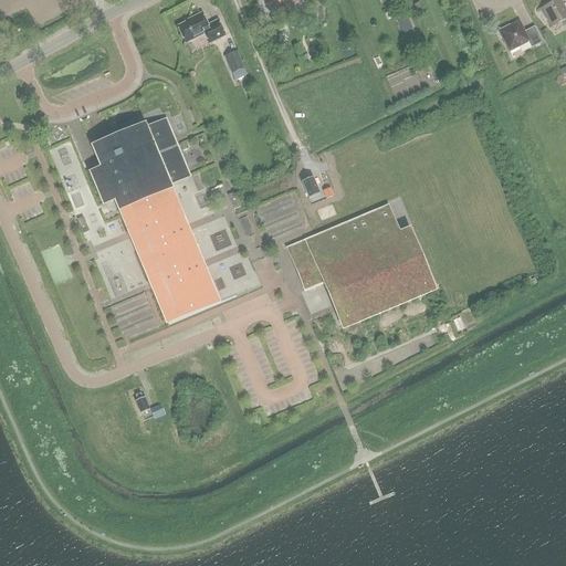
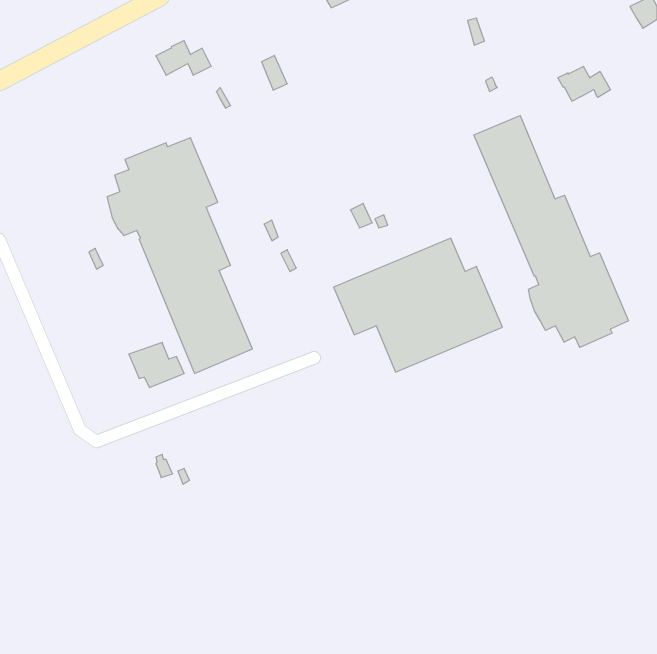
building: [178,12,226,42] -> [156,40,211,75]
building: [497,19,543,49] -> [558,66,611,101]
building: none -> [474,116,628,347]

